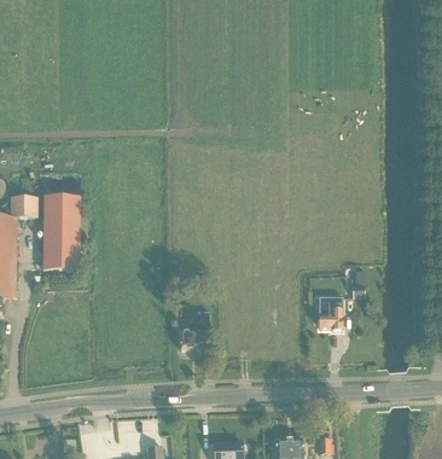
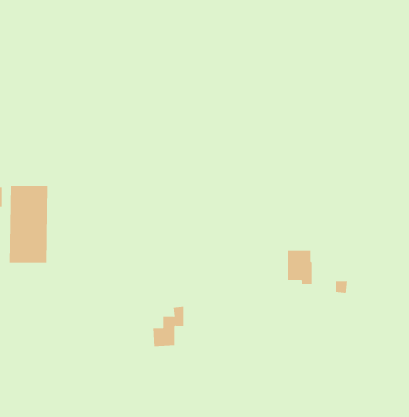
building: [318,297,342,330] -> [287,250,312,284]

